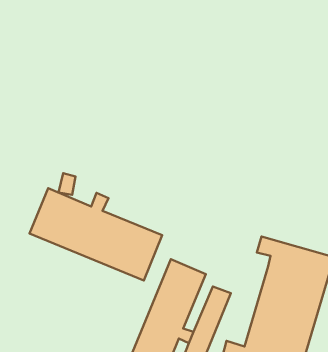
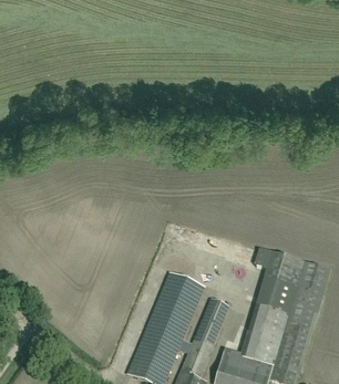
building: [30,188,162,281] -> none

